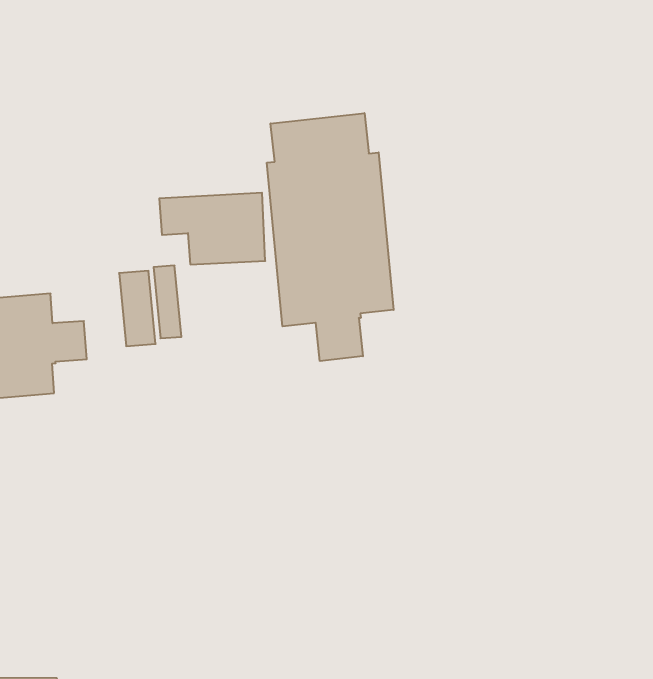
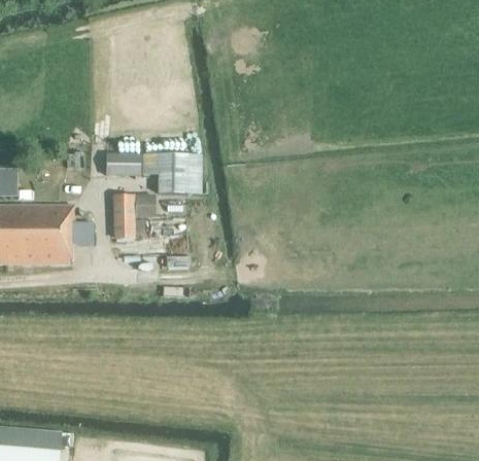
building: [267,113,394,361] -> none
building: none -> [106,157,139,175]

